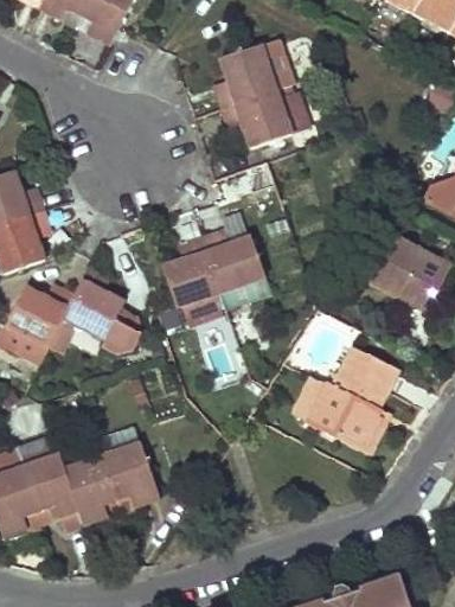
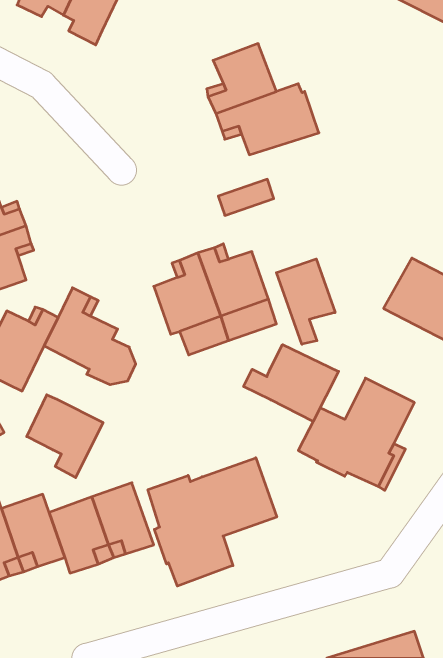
building: none -> [276,259,335,344]
building: none -> [244,345,339,421]
building: none -> [27,395,103,478]
building: none -> [148,458,277,586]

